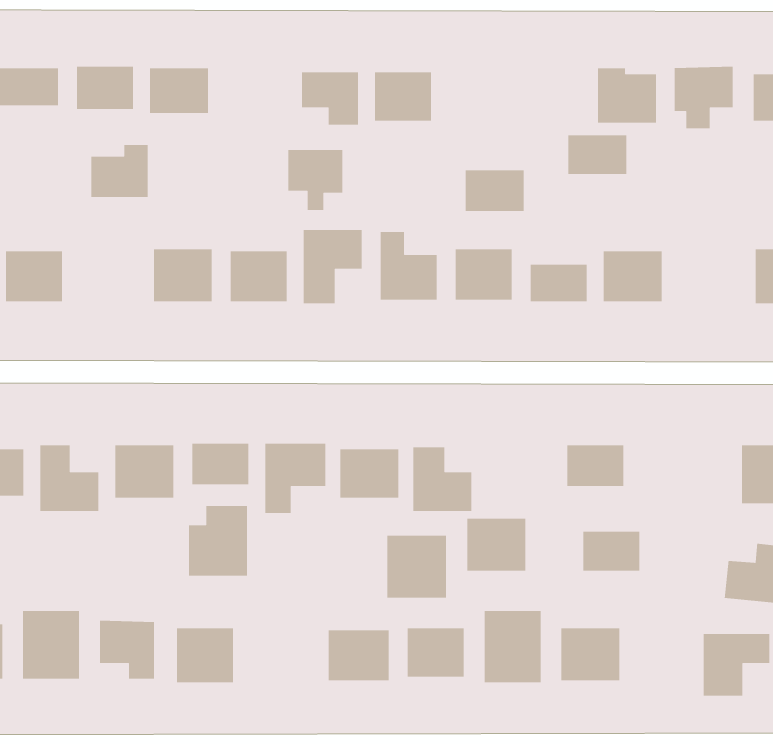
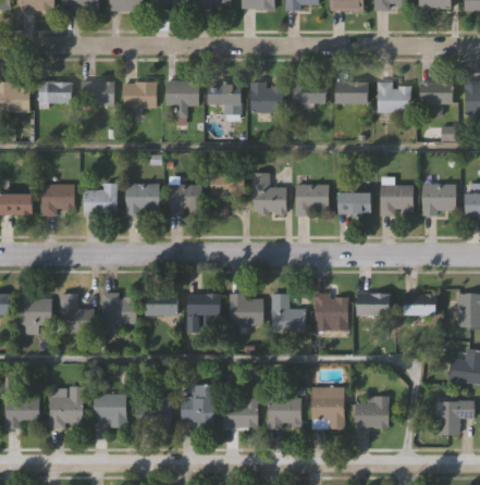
building: [568,135,627,175] -> [334,80,368,103]
building: [91,144,148,198] -> [83,184,115,214]
building: [288,149,343,211] -> [165,80,197,115]
building: [465,169,525,212] -> [292,83,325,107]
building: none -> [421,184,455,214]
building: [188,505,248,576] -> [181,386,214,426]
building: [467,518,526,572] -> [313,296,347,326]
building: [583,531,640,571] -> [404,295,436,318]
building: [387,535,447,598] -> none

